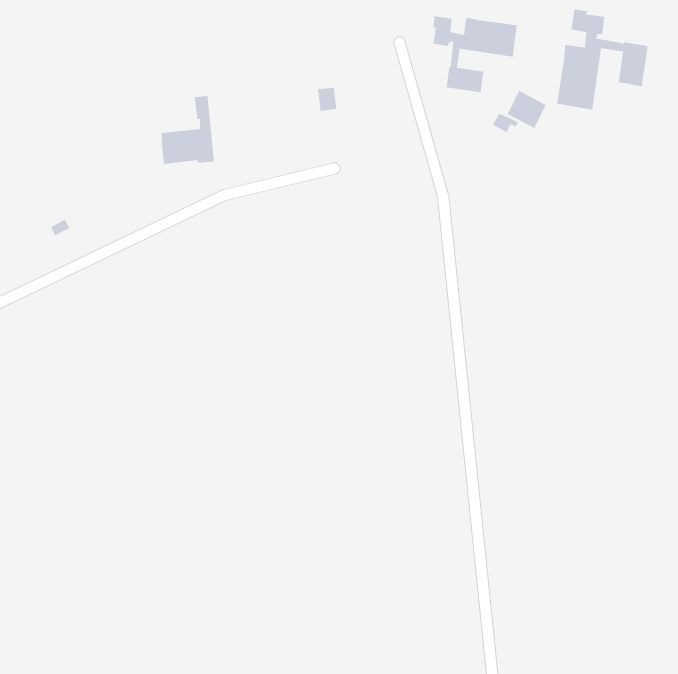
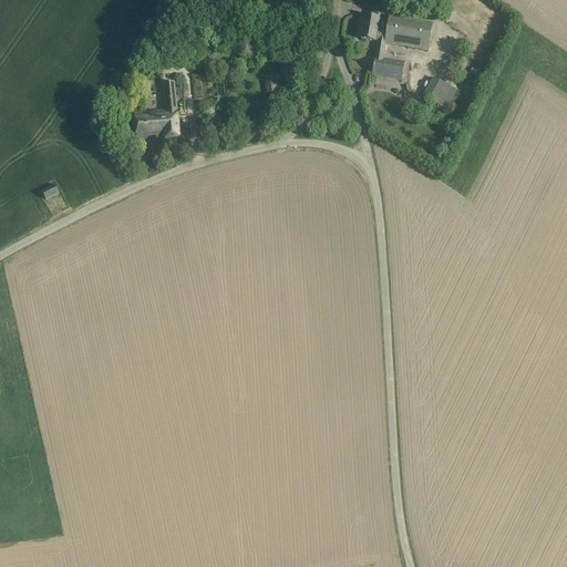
building: [556,8,648,110] -> none

